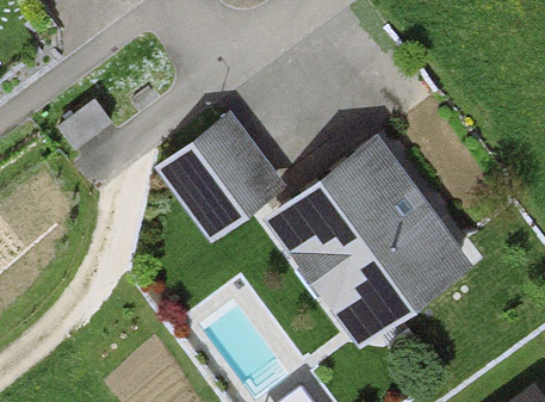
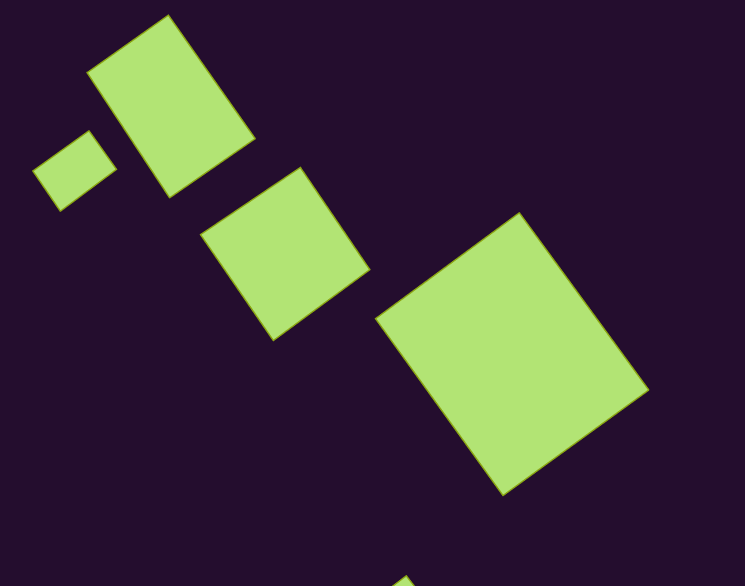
building: none -> [87,15,255,198]

